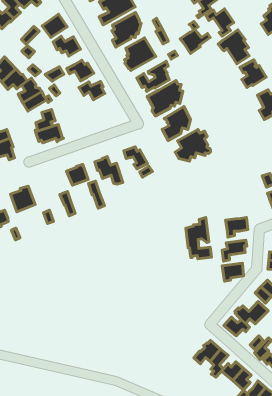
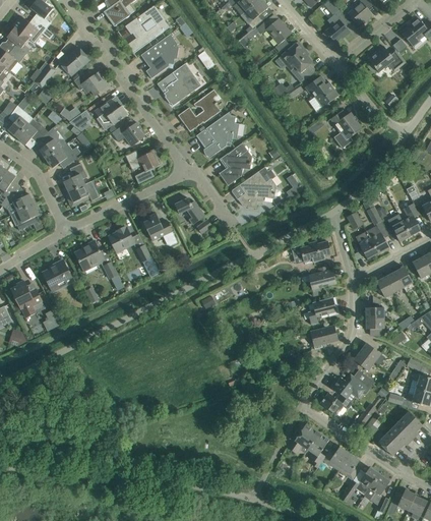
building: [180,29,210,54] -> none
building: none -> [126,149,163,180]
building: none -> [74,239,105,271]
building: none -> [300,240,331,262]
building: [186,217,211,259] -> none

